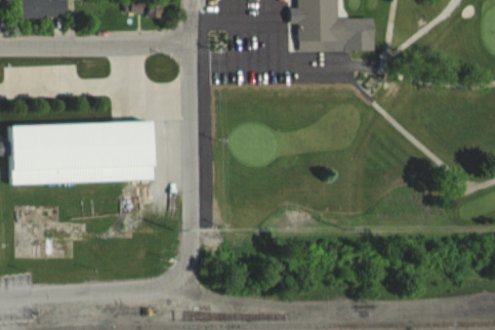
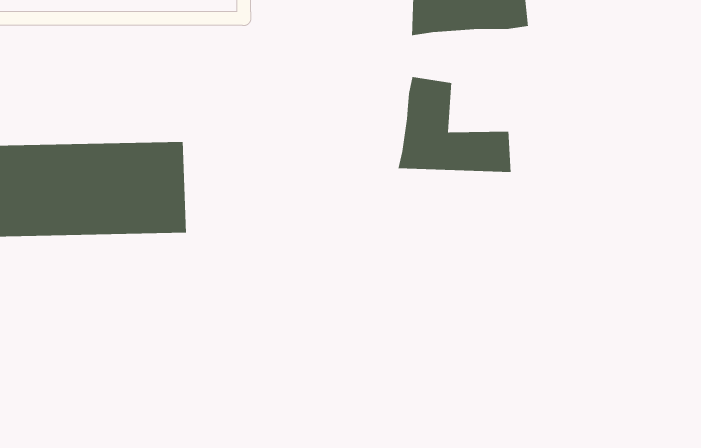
building: none -> [398,76,512,173]

